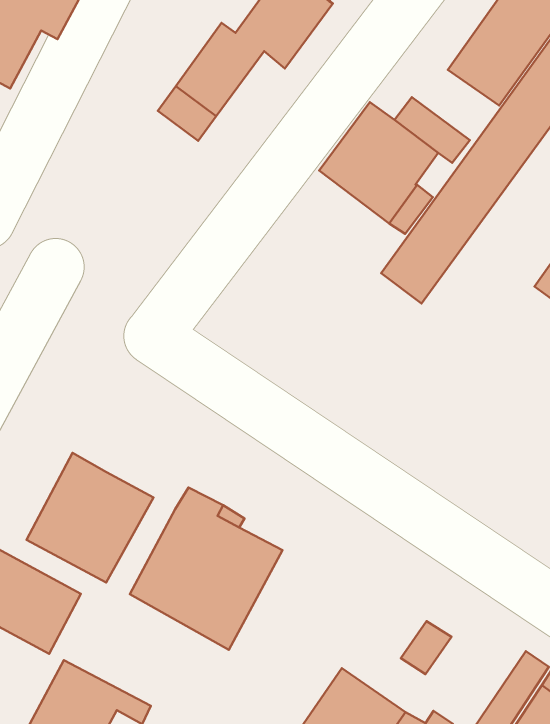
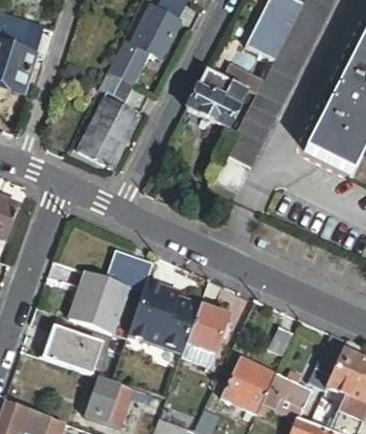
building: none -> [77,98,139,169]
building: none -> [104,248,152,290]
building: none -> [181,302,229,367]

